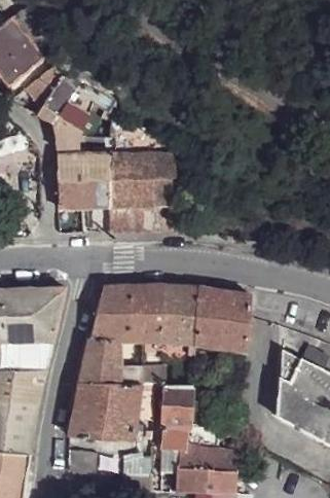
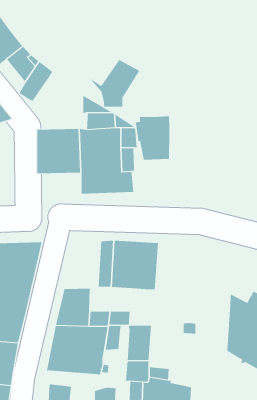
building: [37,95,99,150] -> [87,59,140,107]
building: none -> [135,116,170,160]
building: [89,286,132,342] -> none
building: [195,288,253,349] -> none

